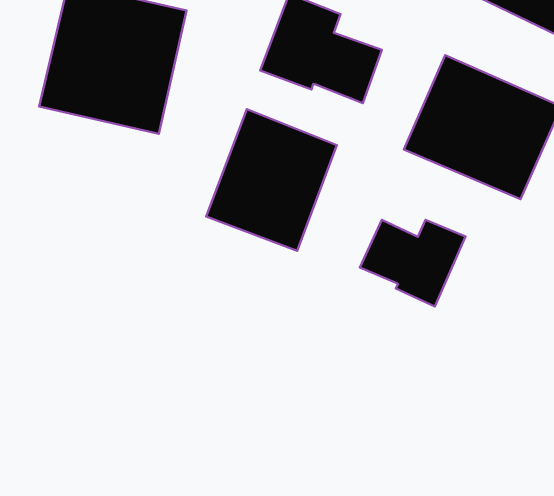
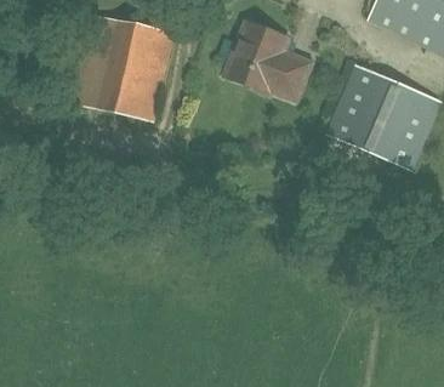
building: [206,109,337,251] -> none
building: [360,220,466,306] -> none

